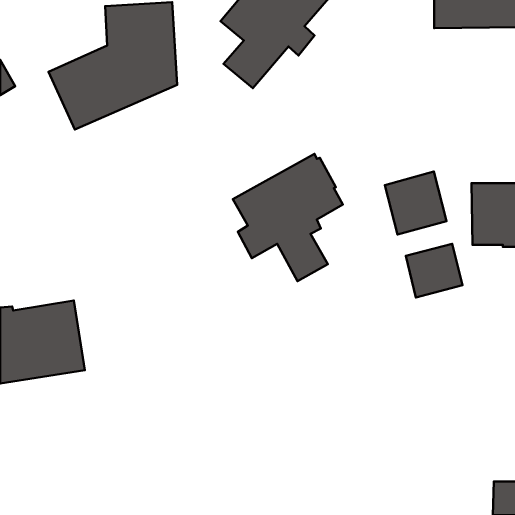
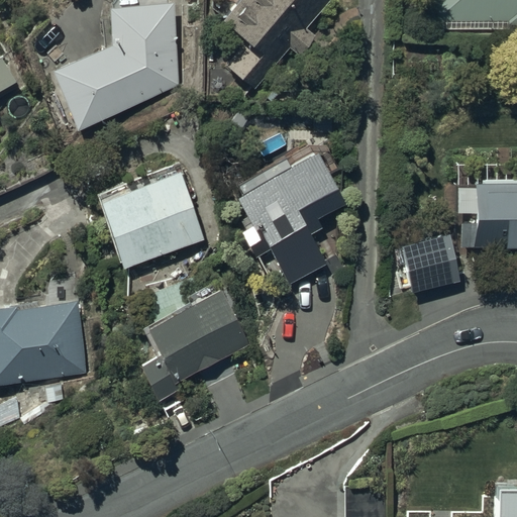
building: [385,172,447,235] -> none
building: none -> [98,172,205,269]
building: none -> [139,290,248,400]

